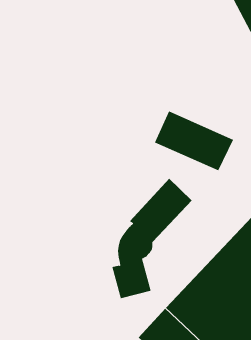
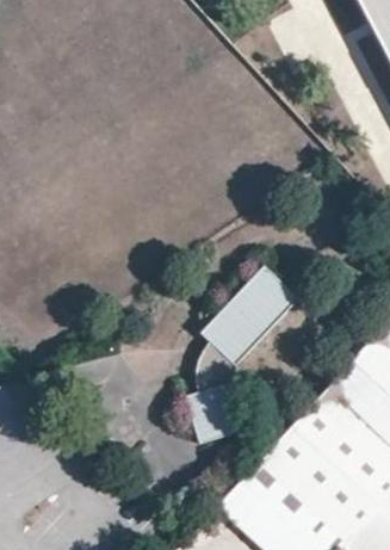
building: [154,110,234,171] -> none

